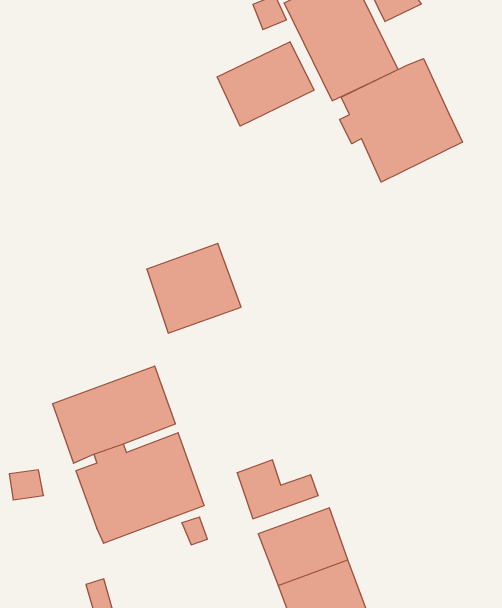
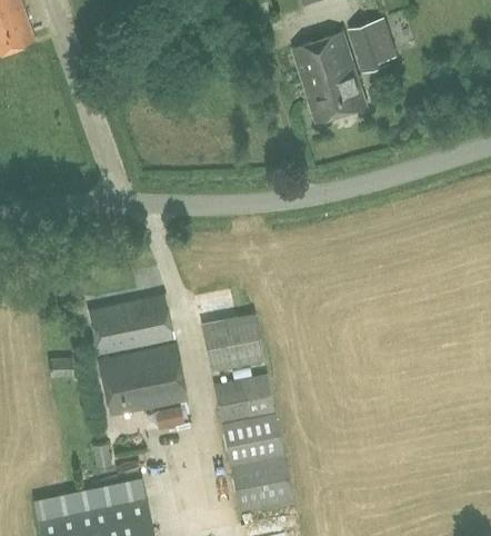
building: [217,42,314,126] -> none
building: [340,59,462,182] -> none
building: [147,243,241,333] -> [201,311,264,370]

